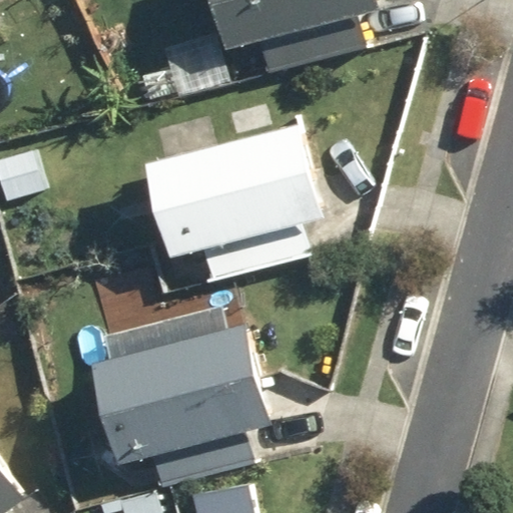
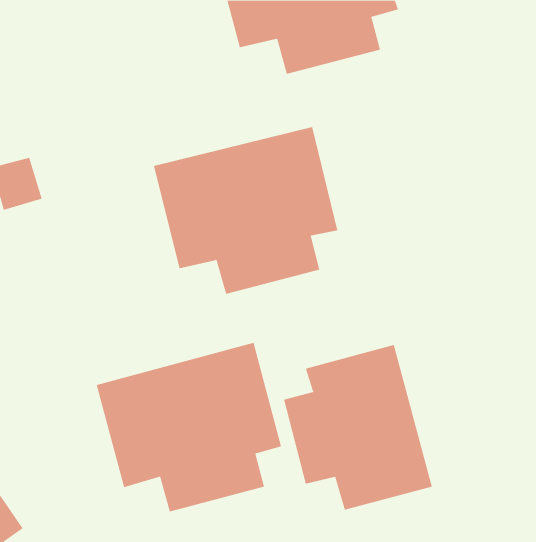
building: none -> [283,344,432,511]

